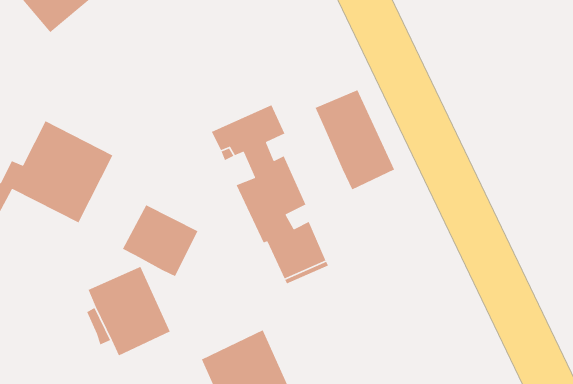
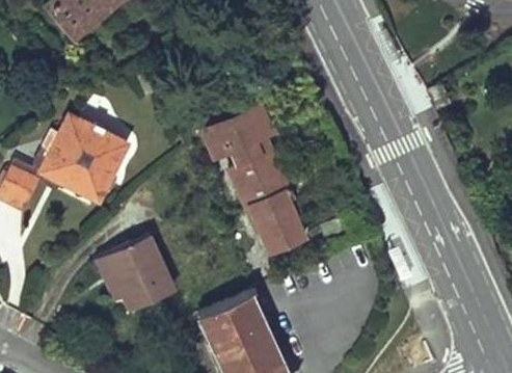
building: [314,89,395,190] -> none
building: [122,204,198,277] -> none

